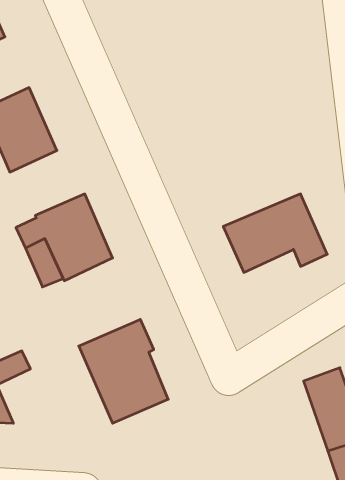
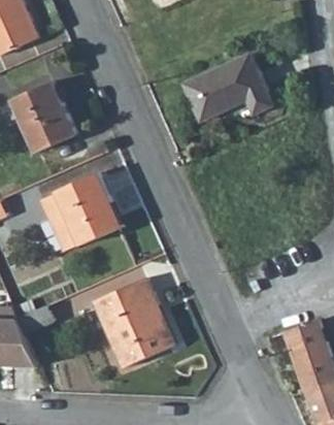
building: [223,194,327,272] -> [182,54,271,121]

